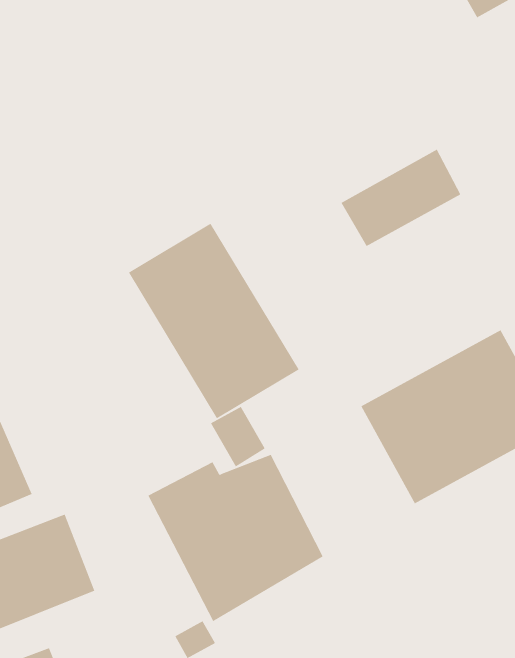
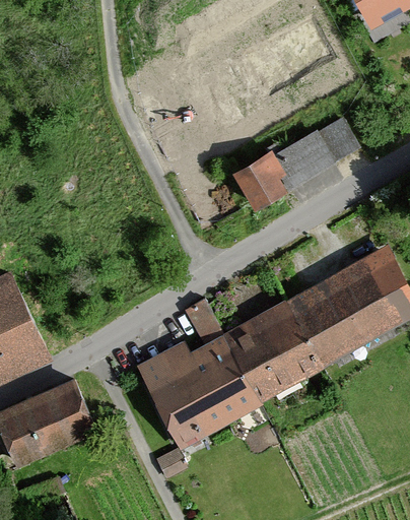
building: none -> [230,149,290,210]
building: [128,223,299,419] -> none
building: none -> [222,301,325,408]

